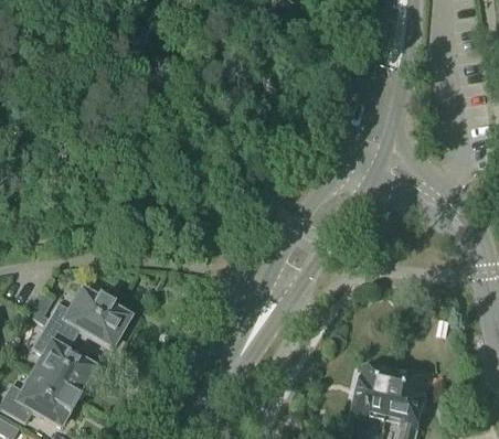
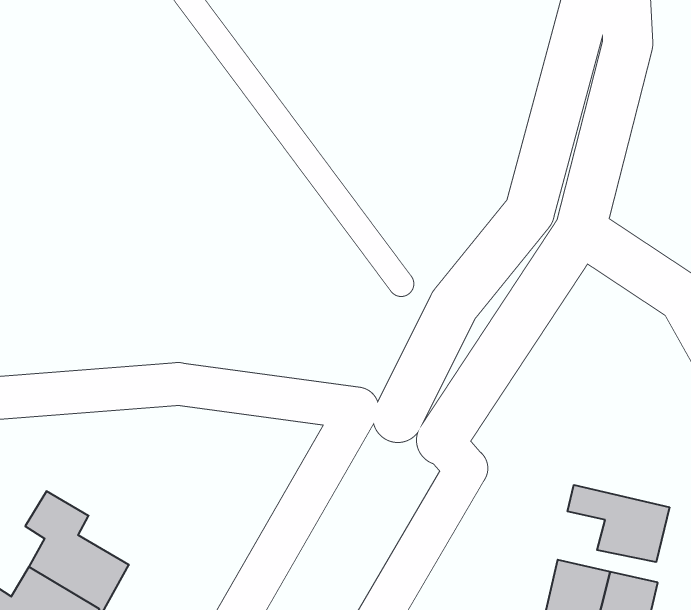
building: [44,291,128,347] -> none
building: none -> [568,485,669,562]

